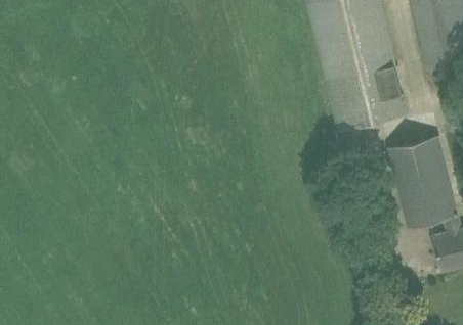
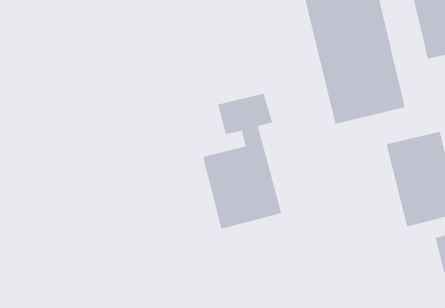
building: none -> [202,93,282,229]

